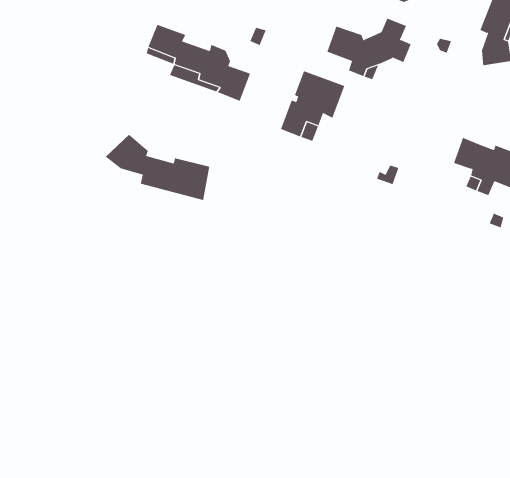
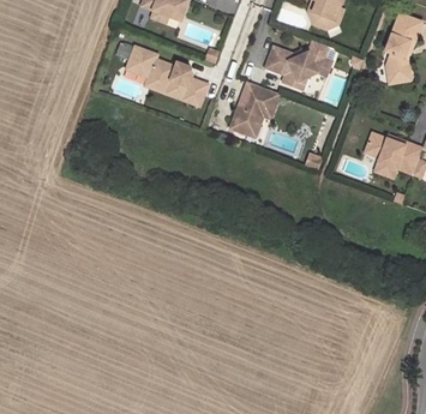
building: [105,134,210,201] -> none

